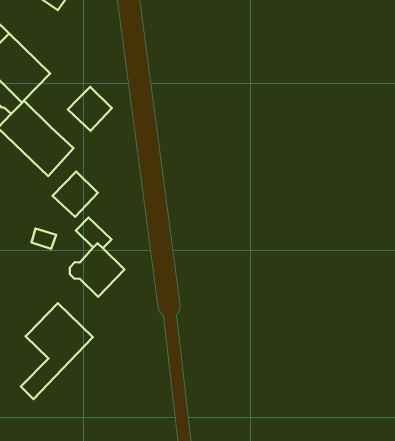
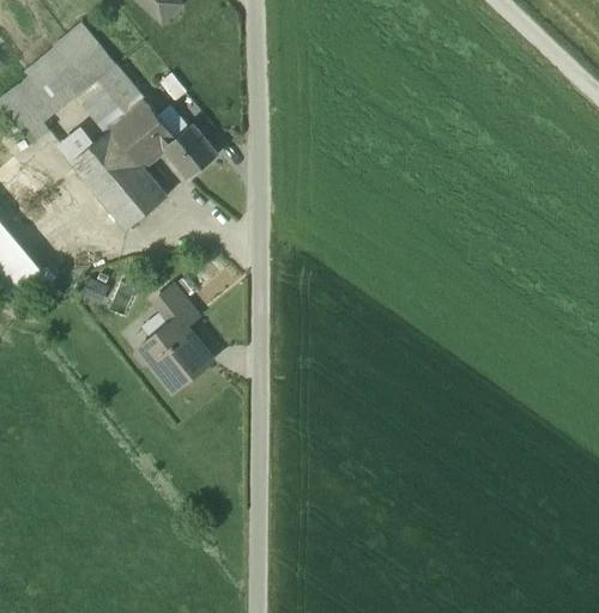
building: none -> [109,99,176,166]
building: [53,172,98,217] -> none
building: [21,303,93,399] -> none

